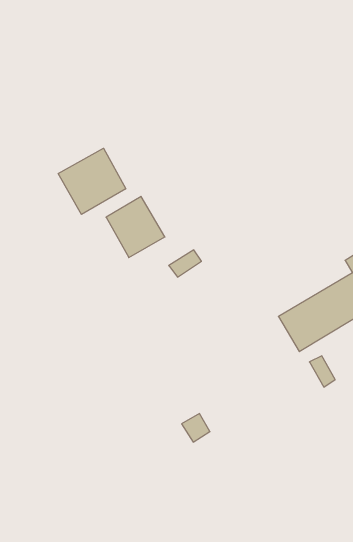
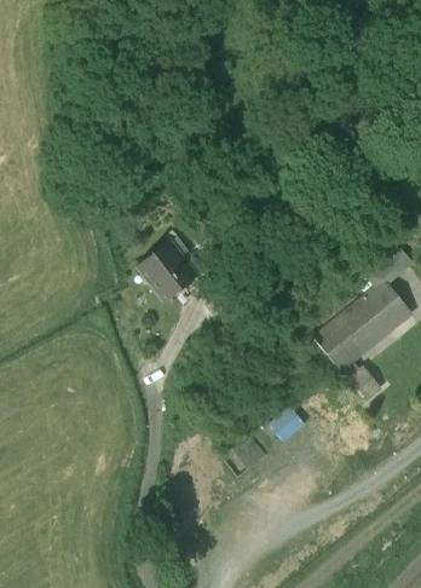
building: [58,148,126,214] -> none

